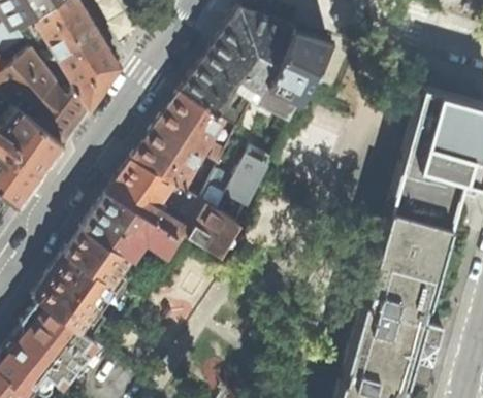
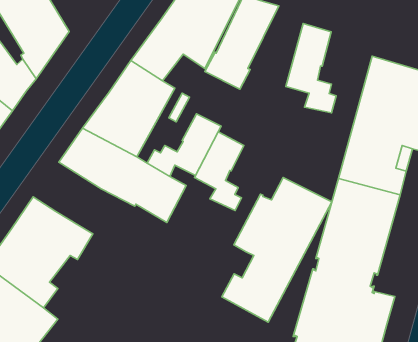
building: none -> [286,23,336,113]
building: none -> [194,132,244,210]
building: [83,195,185,278] -> none
building: none -> [222,178,332,322]

